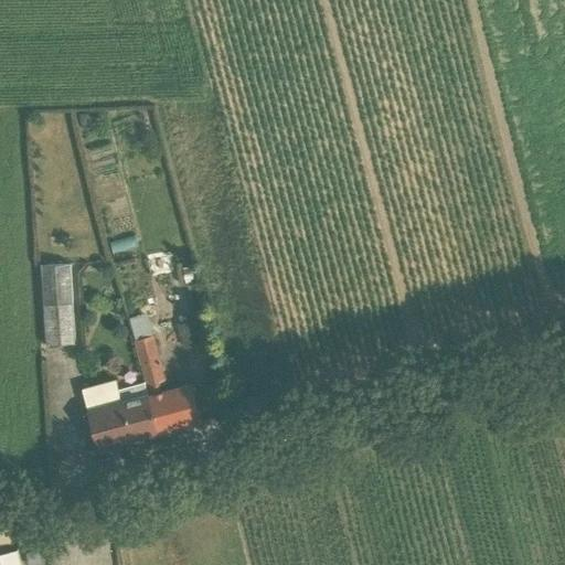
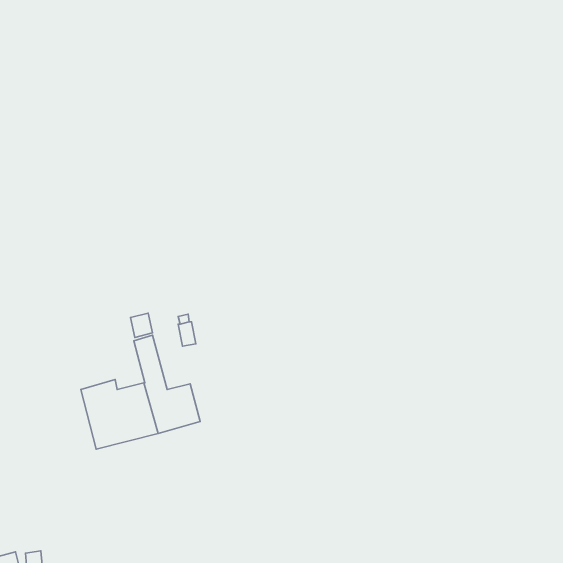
building: [41,265,73,347] -> none

